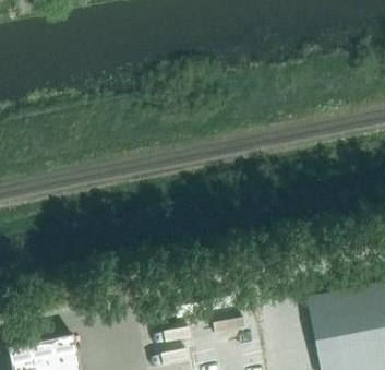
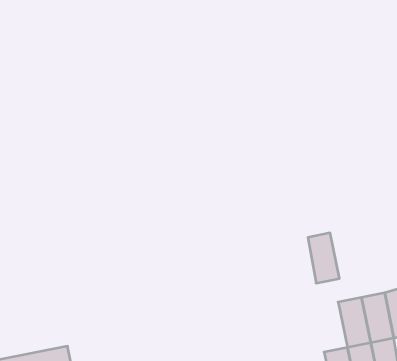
building: [306,291,336,338] -> [308,233,339,283]

